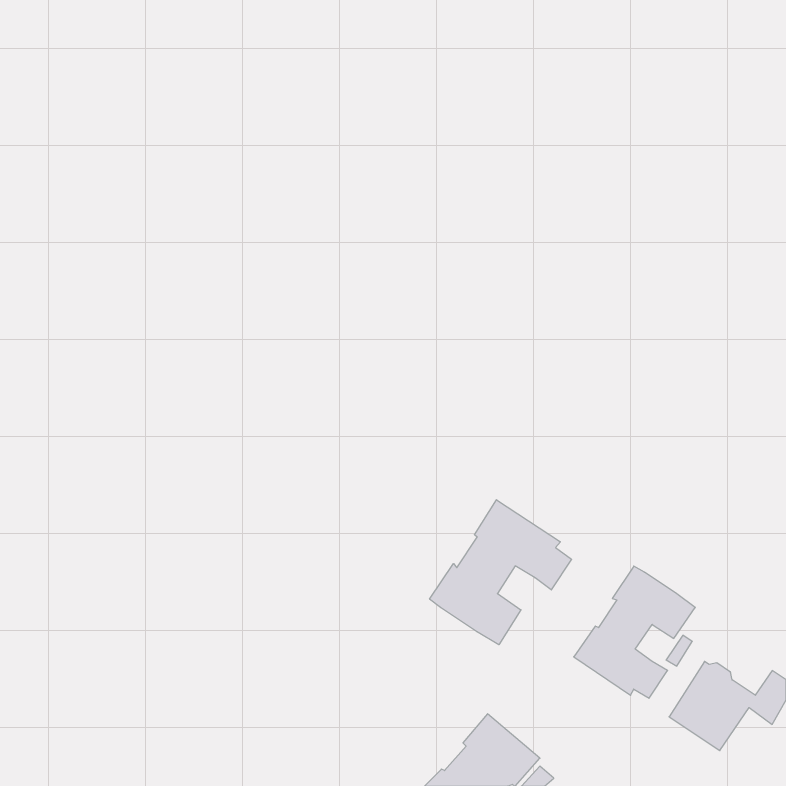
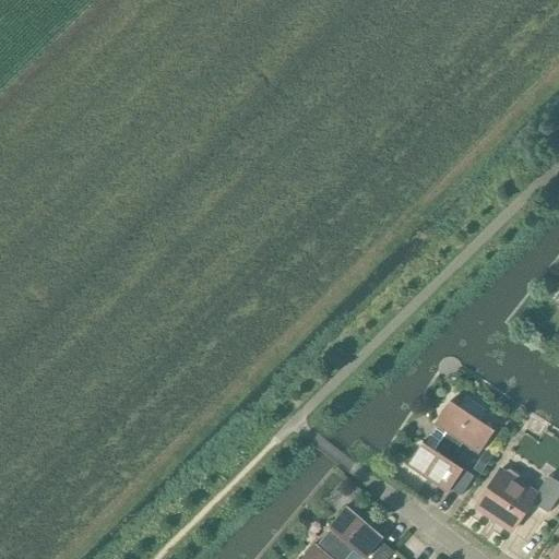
building: [430,500,572,645] -> none

